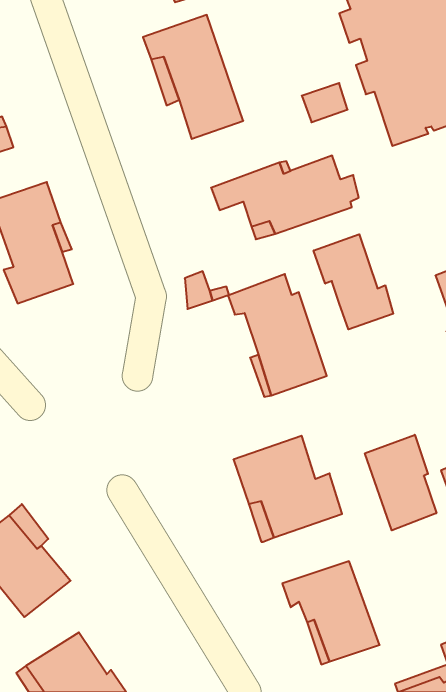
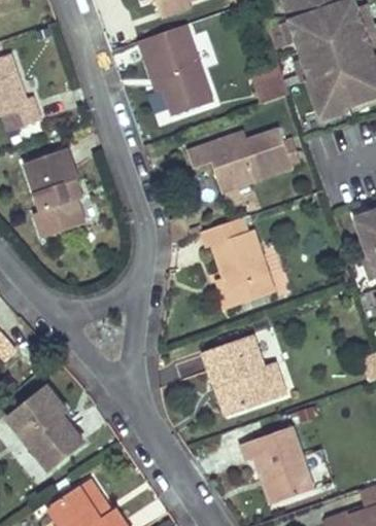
building: [314,234,393,329] -> none
building: [365,435,436,530] -> none

